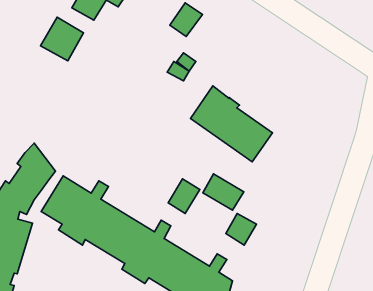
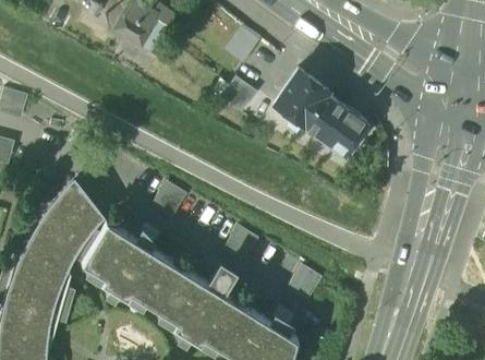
building: [40,17,83,61] -> none
building: [191,86,272,162] -> [272,69,365,155]
building: [203,174,244,210] -> none

